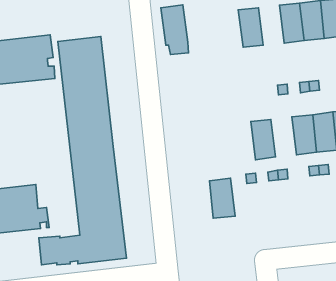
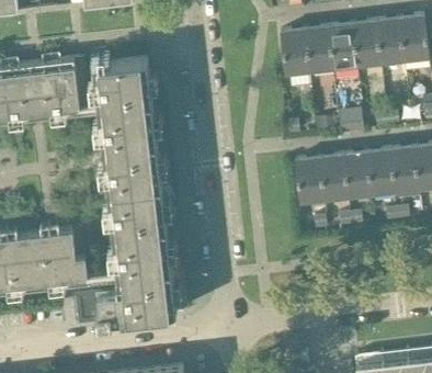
building: [161,5,189,55] -> [280,30,311,87]
building: none -> [328,24,357,70]
building: none -> [342,152,372,199]
building: [209,178,235,218] -> [295,158,325,204]

